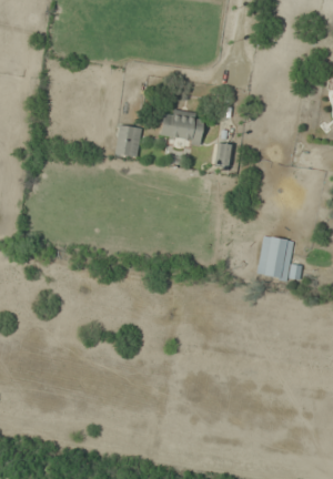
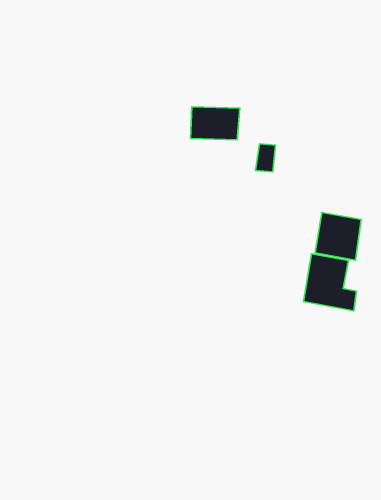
building: [115,125,141,156] -> none
building: none -> [315,213,361,260]

